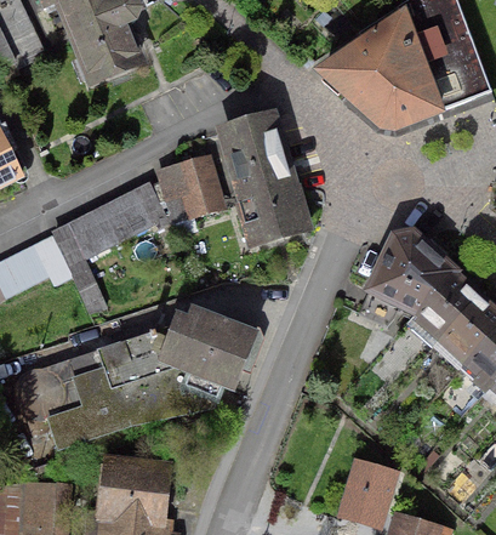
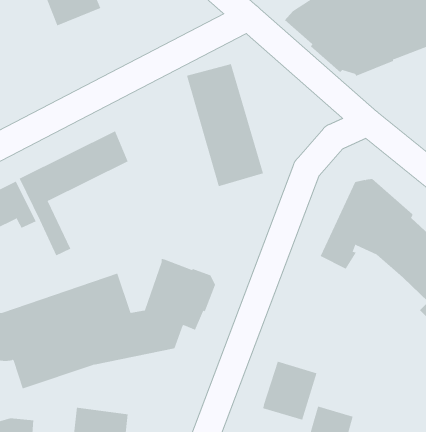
building: [158,156,218,216] -> none
building: none -> [263,361,317,421]

